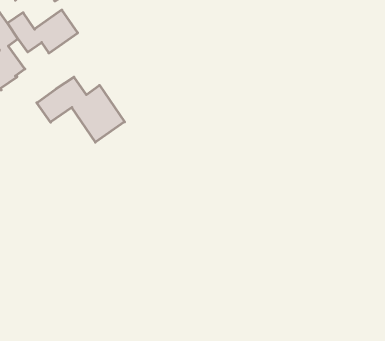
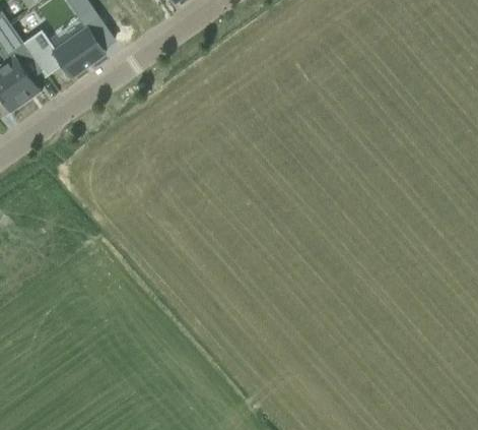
building: [37,77,125,142] -> none

